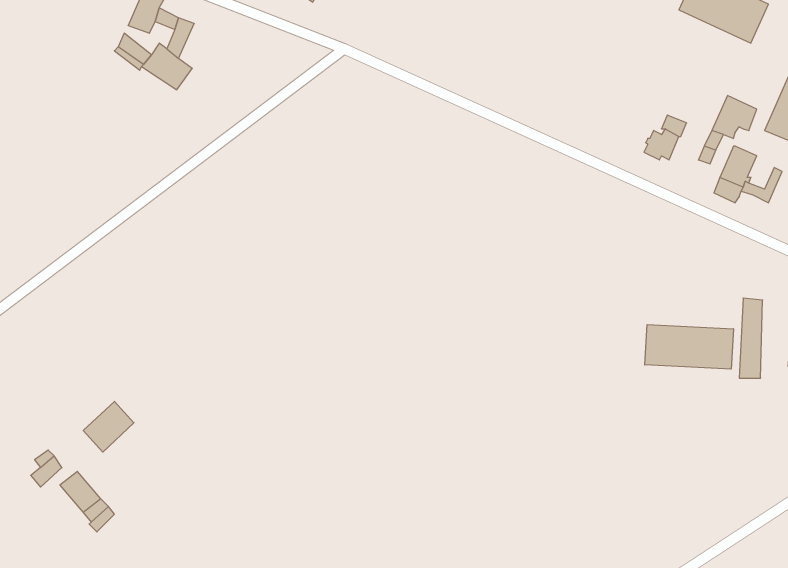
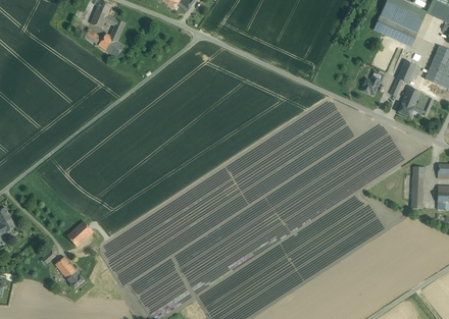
building: none -> [372,15,416,47]
building: [645,325,733,369] -> none

